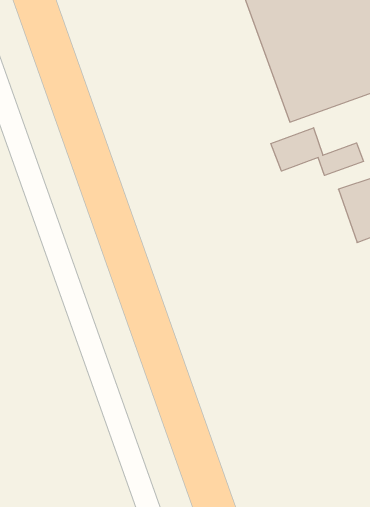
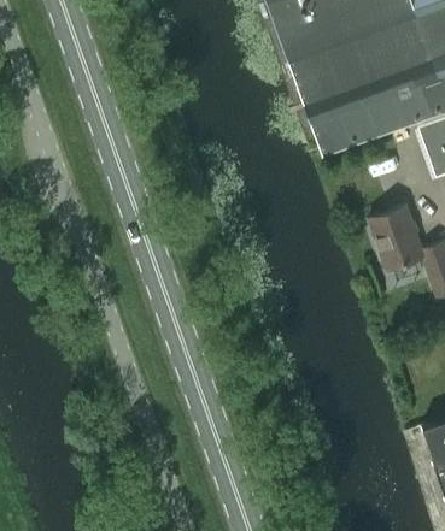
building: [271,128,363,175] -> none

